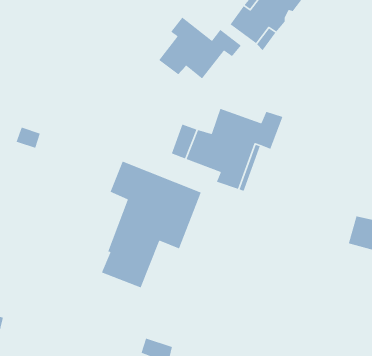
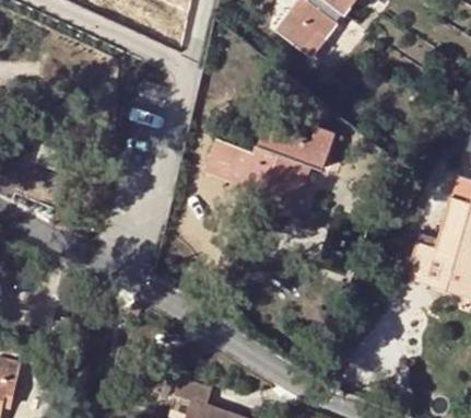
building: [158,17,242,80] -> none
building: [101,160,202,289] -> none

